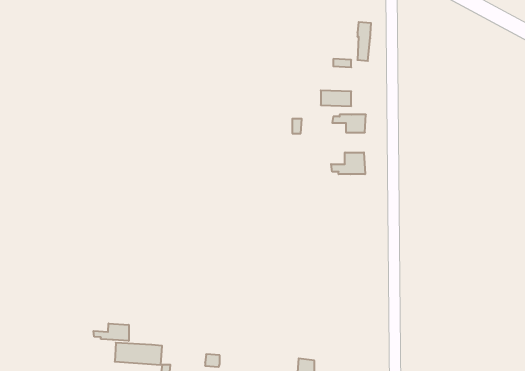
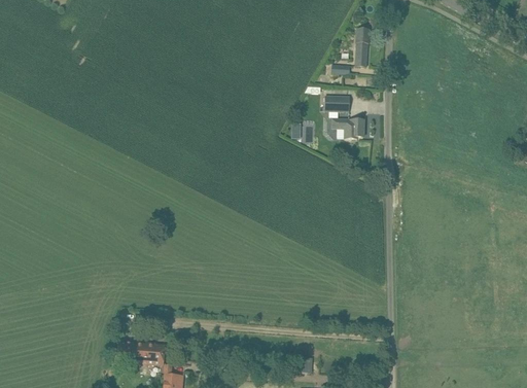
building: [331,152,365,174] -> none
building: [94,323,129,341] -> none

